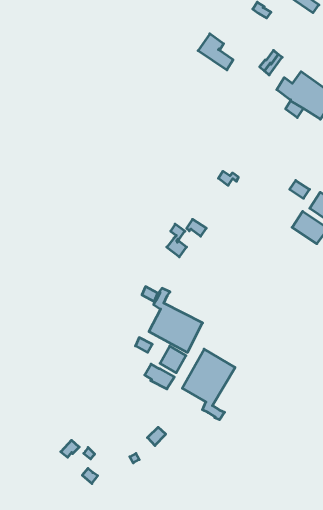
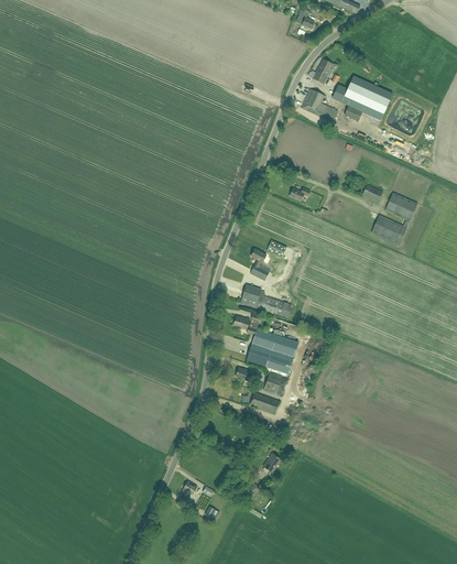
building: [198,34,233,70] -> [301,88,337,121]
building: none -> [240,283,292,316]
building: [182,349,235,420] -> none

